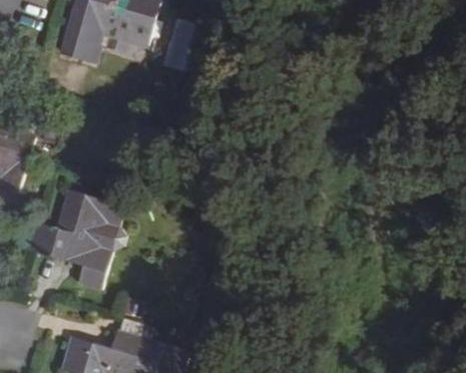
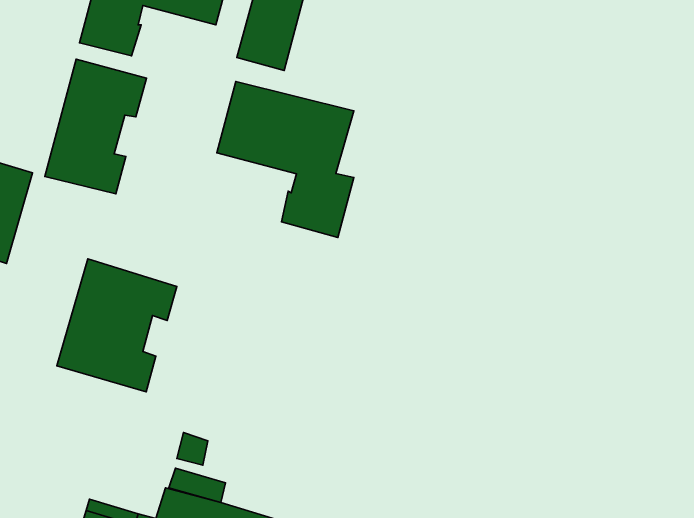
building: none -> [45,59,147,194]
building: none -> [217,82,354,238]

